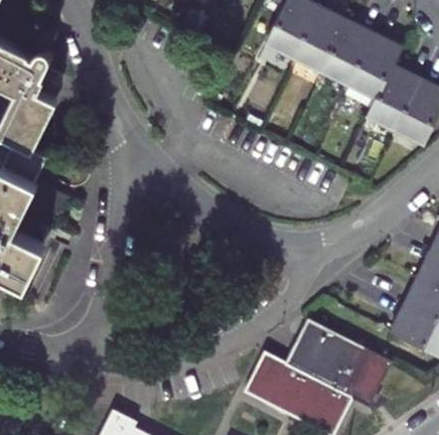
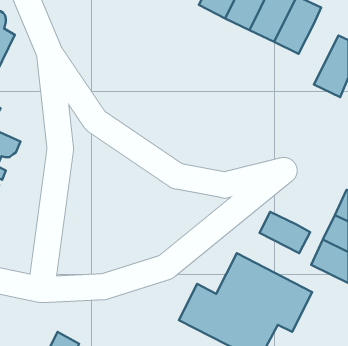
building: [367,64,421,132] -> none
building: none -> [259,212,310,253]

